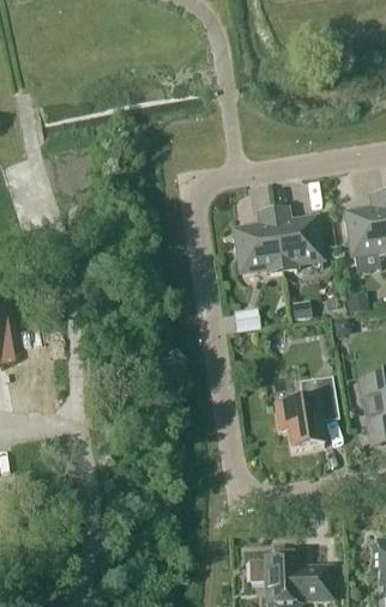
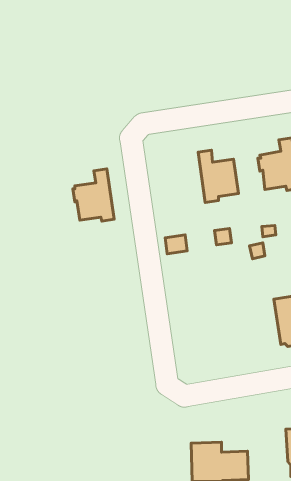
building: [231,210,281,272] -> [73,169,114,221]
building: [275,376,337,449] -> none

